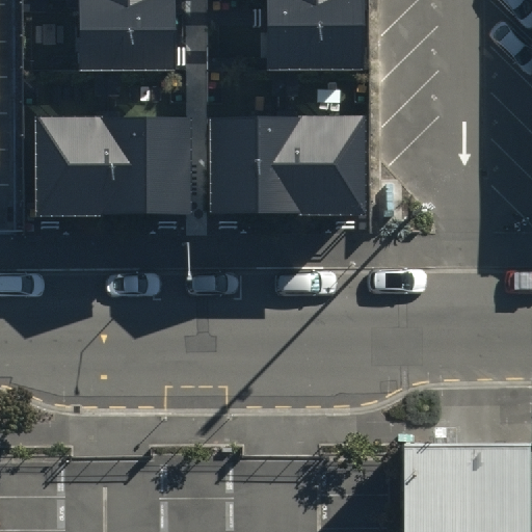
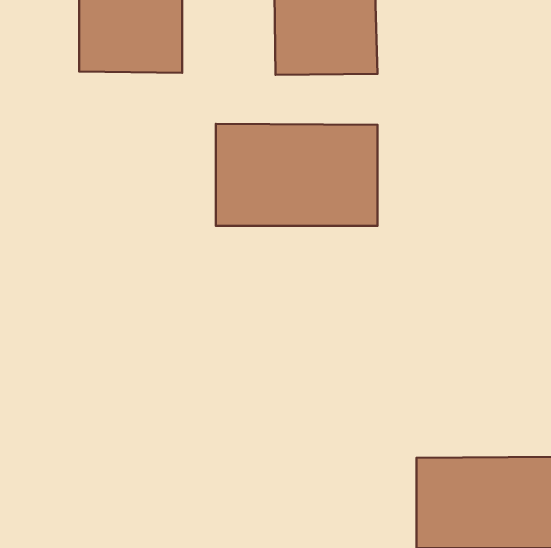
building: [32,118,187,219] -> none

